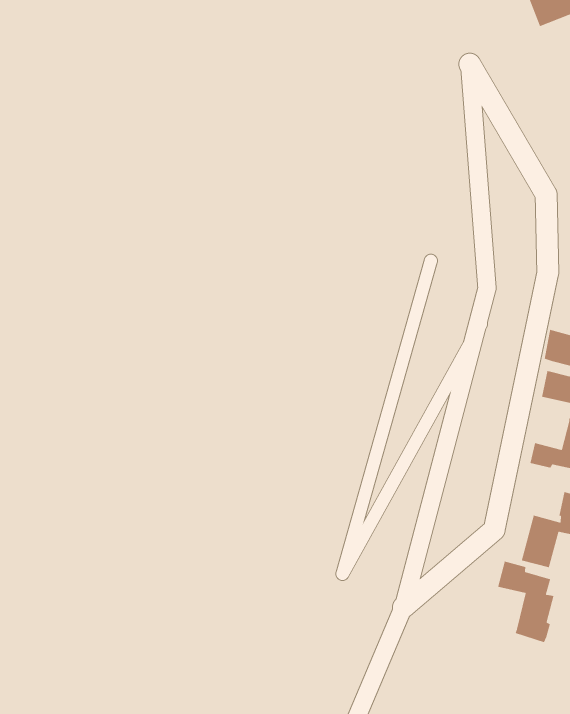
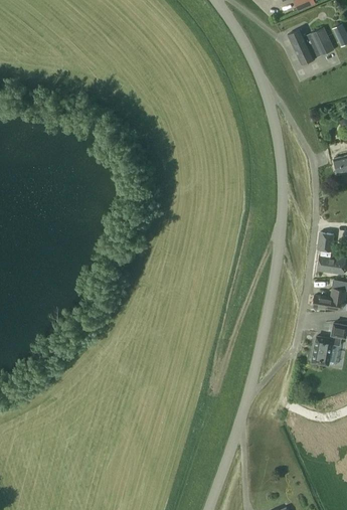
building: [497,561,554,643] -> none

